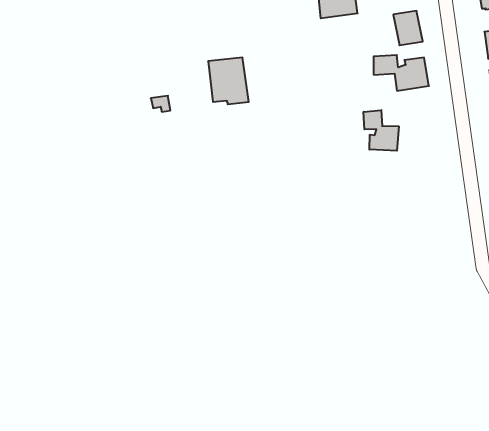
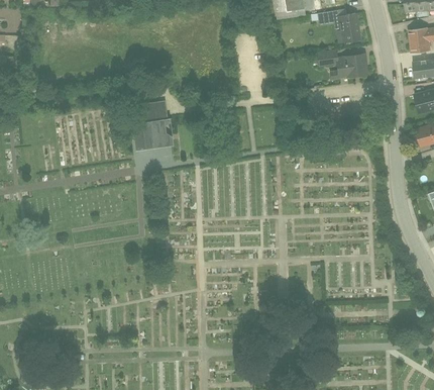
building: [208,58,249,104] -> [133,103,167,141]
building: [364,110,399,151] -> none

